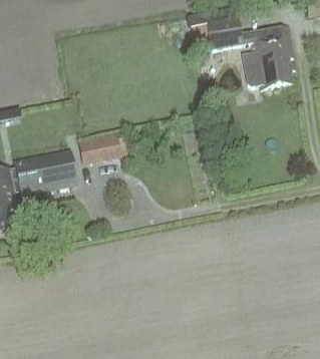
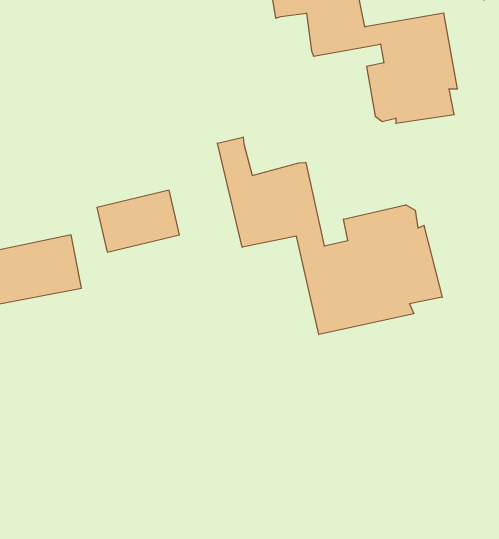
building: none -> [217,137,442,335]

